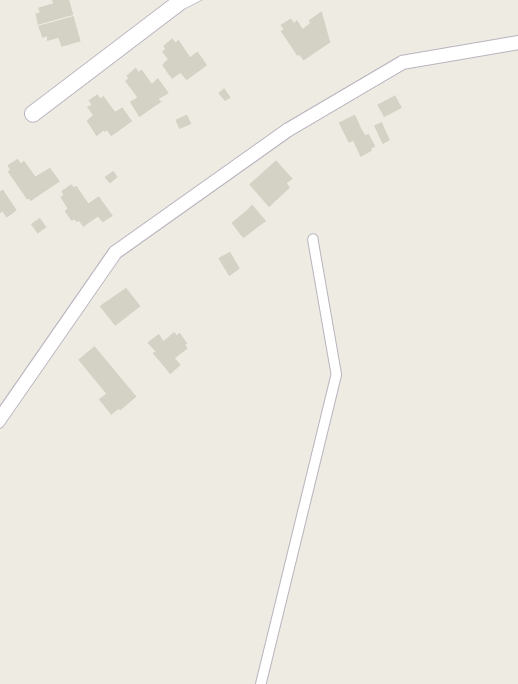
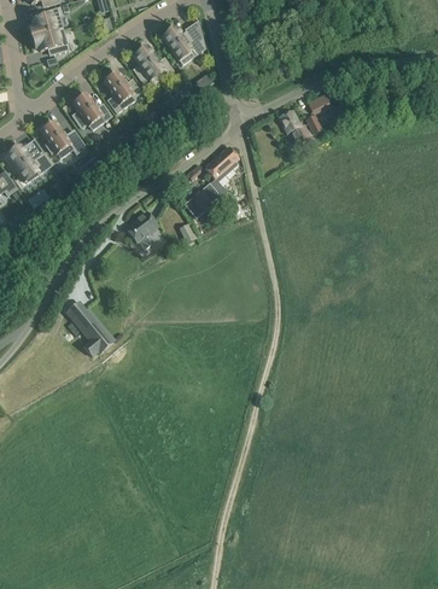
building: [280,10,331,62] -> [162,21,204,63]
building: [59,183,114,228] -> [40,121,84,157]
building: [99,287,141,327] -> [123,210,158,243]
building: [146,331,188,375] -> none

